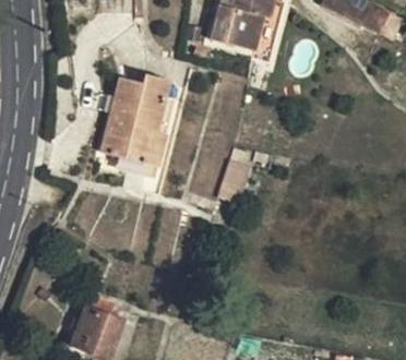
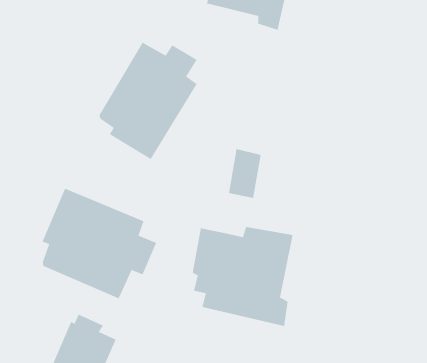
building: none -> [42,188,157,299]
building: none -> [192,226,293,327]

